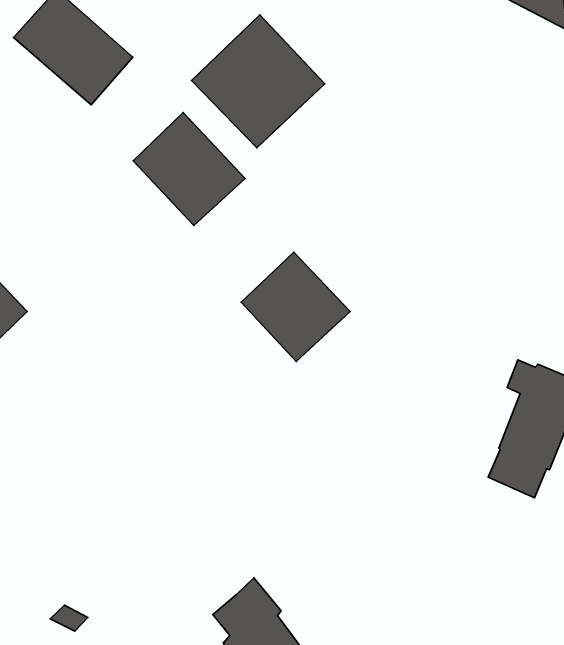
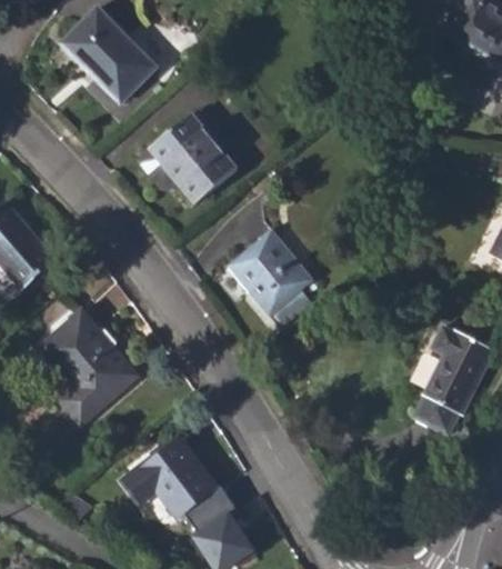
building: [191,15,325,148] -> none
building: none -> [39,313,135,426]
building: none -> [121,435,221,519]

